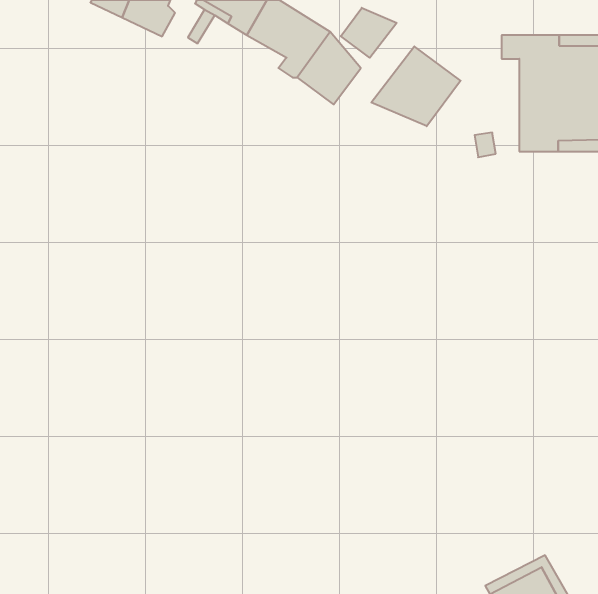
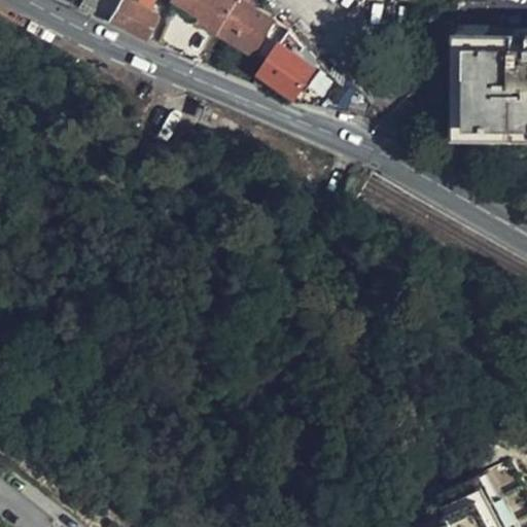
building: [341,8,397,58] -> none
building: [371,46,461,126] -> none

